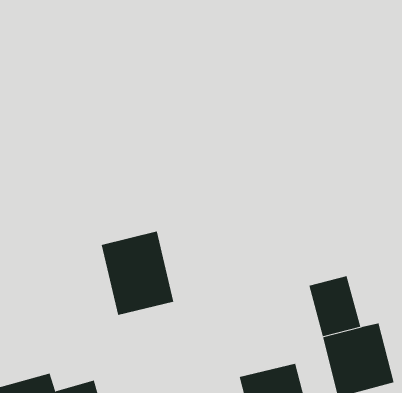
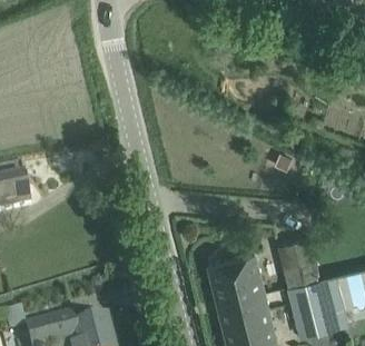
building: [101,231,174,316] -> [207,245,266,313]

